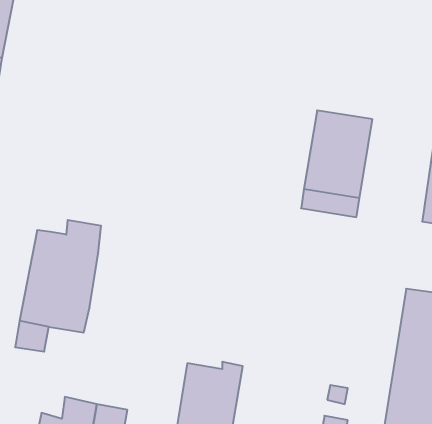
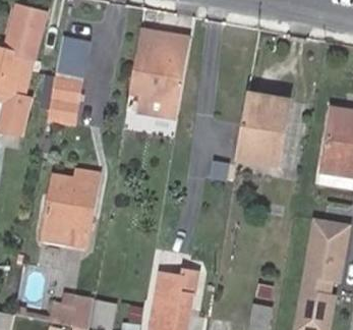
building: none -> [128,31,190,119]
building: none -> [52,42,89,124]

